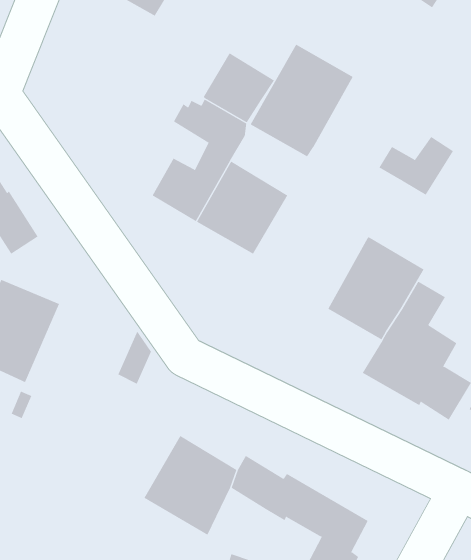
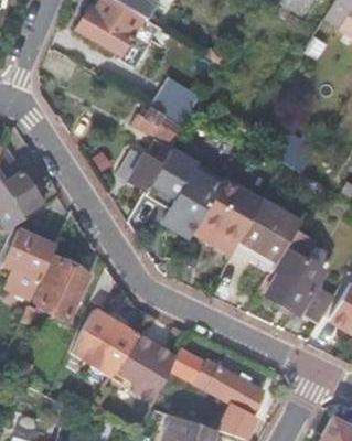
building: [250,44,353,157] -> [193,180,263,256]
building: none -> [38,259,88,315]
building: none -> [74,310,137,376]

